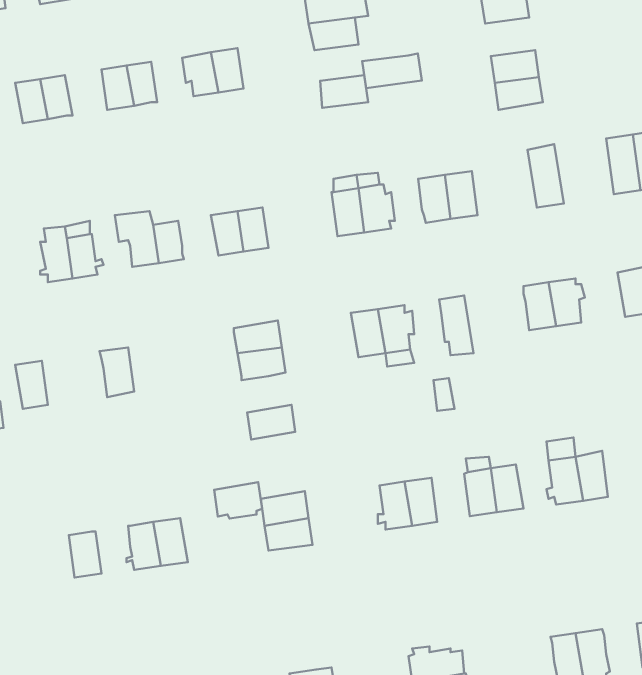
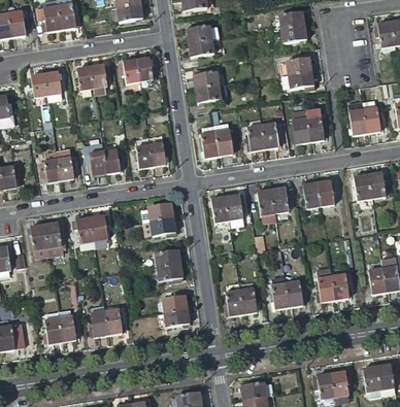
building: [362,54,422,88] -> [195,84,227,103]
building: none -> [290,111,310,144]
building: none -> [271,188,290,221]
building: none -> [91,215,109,248]
building: none -> [44,223,64,257]
building: [214,482,262,518] -> [157,263,182,282]
building: none -> [43,312,62,344]

